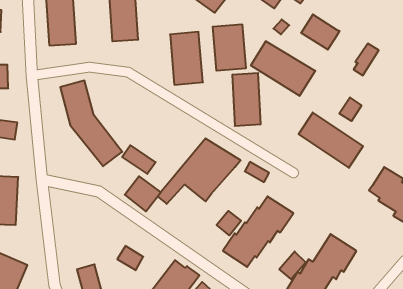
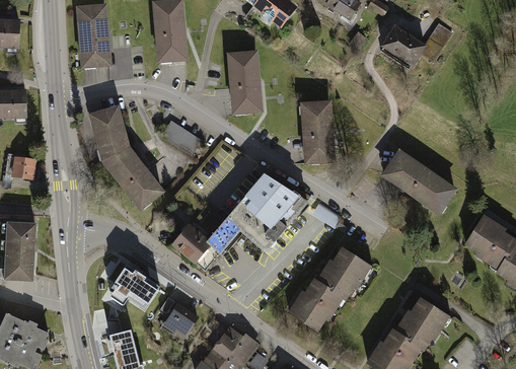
building: [213,24,246,71] -> none
building: [251,41,315,96] -> none
building: [354,44,379,75] -> [423,24,453,63]
building: [339,97,361,121] -> none
building: [122,145,156,174] -> [161,124,202,158]
building: [217,211,241,235] -> none
building: none -> [114,266,161,310]
building: [279,251,306,279] -> none

